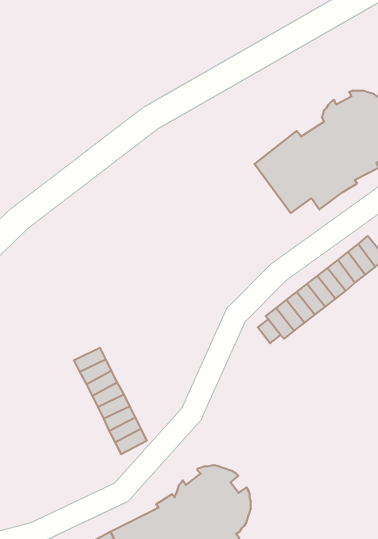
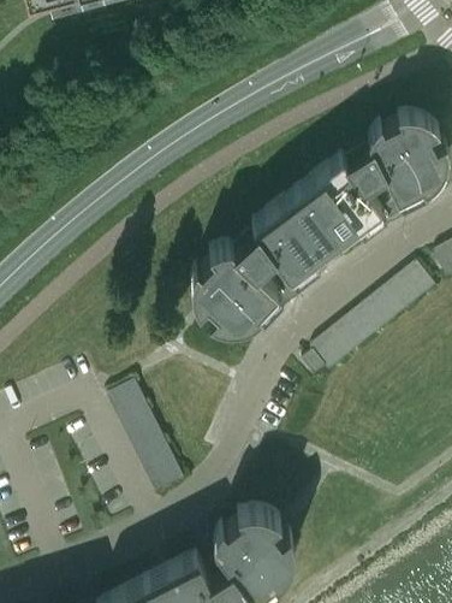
building: none -> [190,185,335,320]

